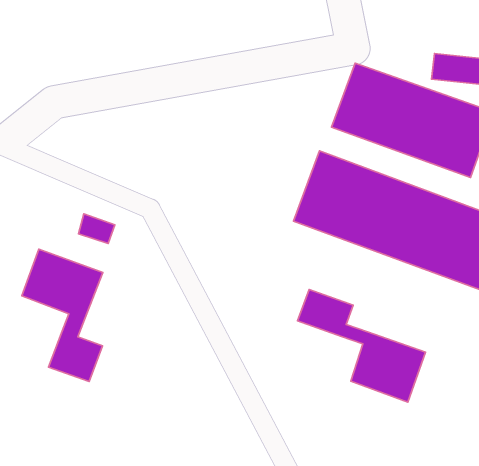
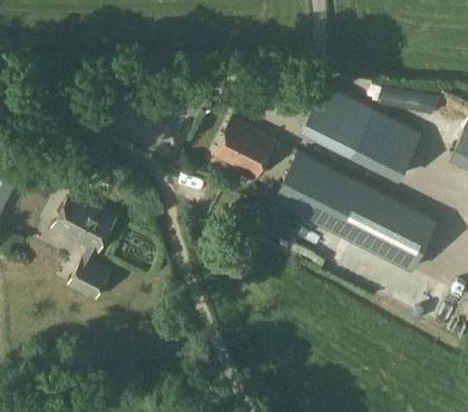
building: none -> [213,118,275,177]
building: [297,289,425,402] -> none

